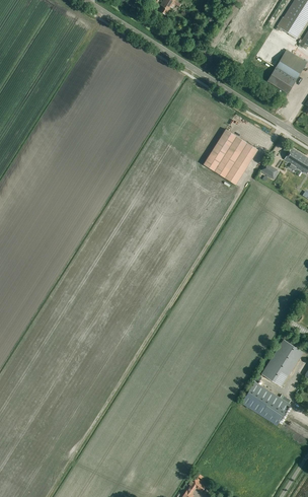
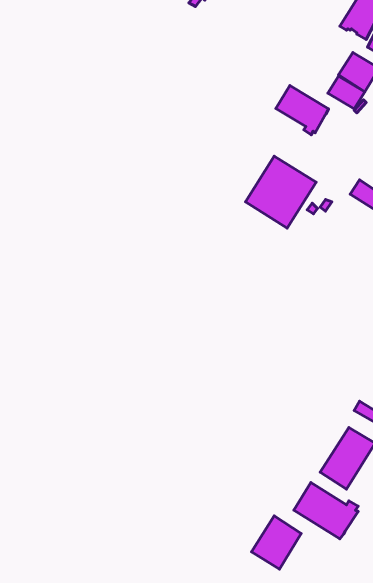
building: none -> [276,86,329,135]
building: none -> [252,516,301,569]

